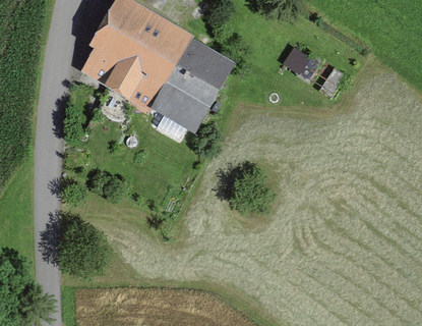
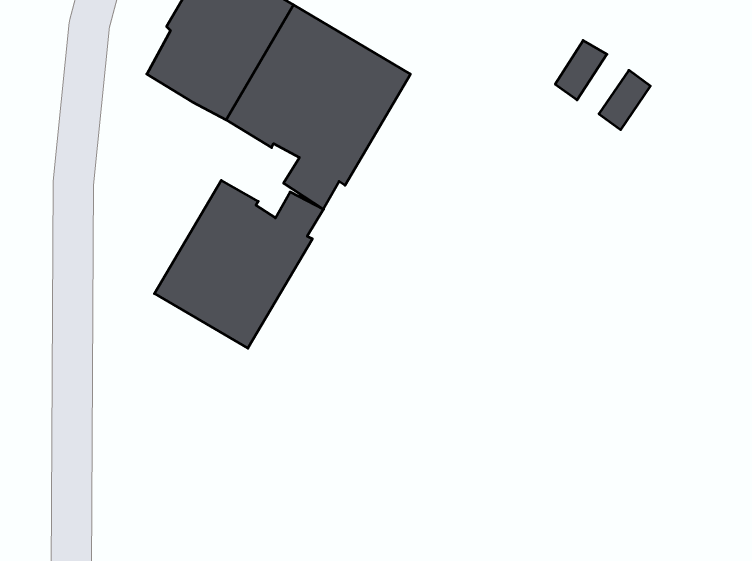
building: none -> [154,180,324,348]

